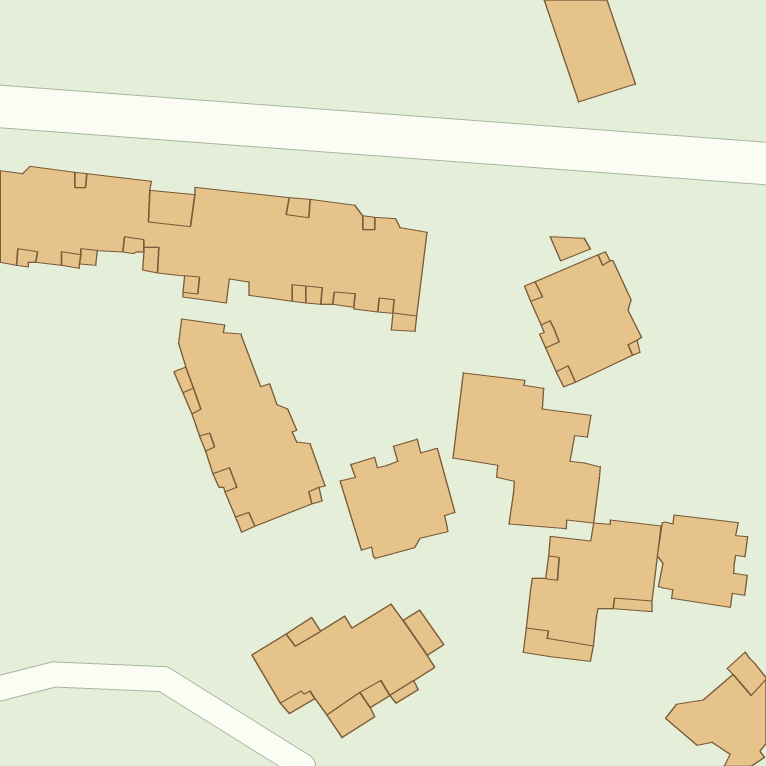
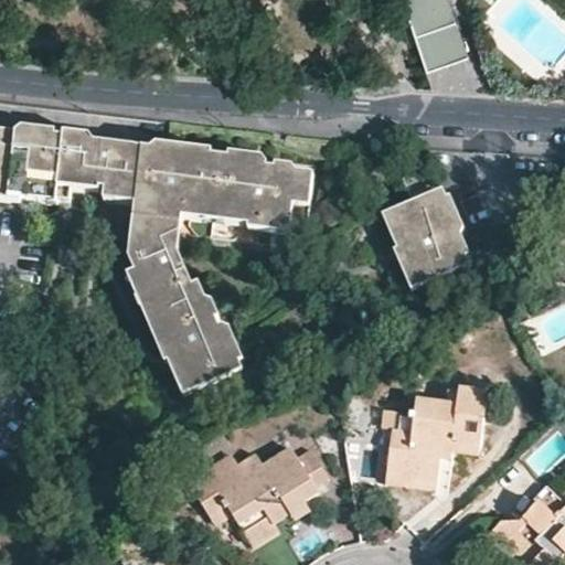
building: none -> [134,205,183,247]
building: [453,373,600,529] -> none
building: [340,439,455,559] -> none
building: [657,515,747,607] -> none

